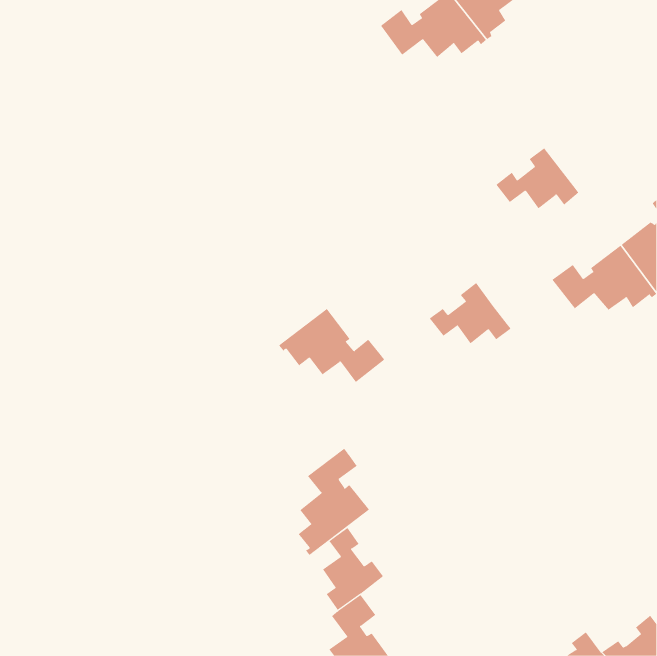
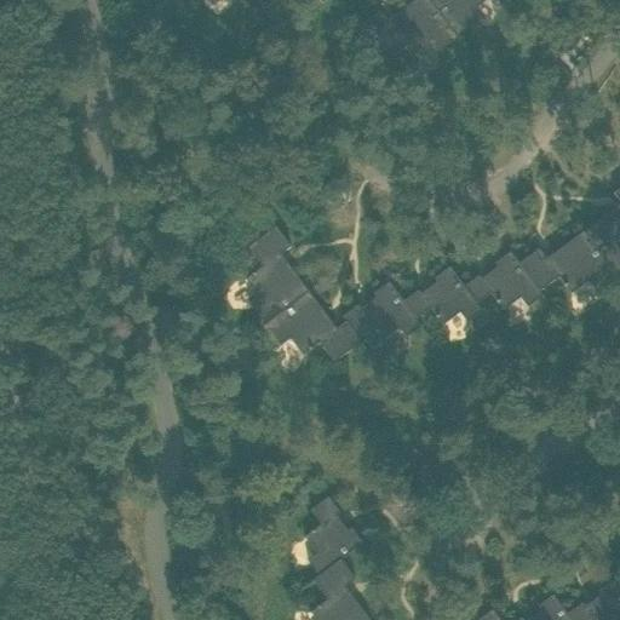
building: [495,147,579,209] -> [464,252,542,310]
building: none -> [245,225,308,325]
building: none -> [343,280,423,338]
building: [298,448,370,556] -> none

